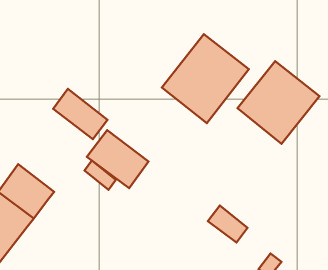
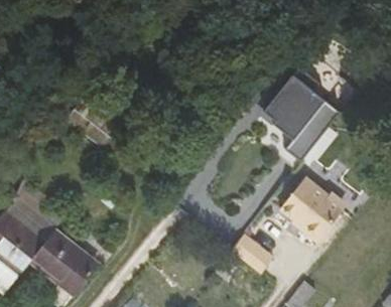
building: [162,34,249,123] -> none
building: [87,130,148,188] -> [31,225,99,289]
building: none -> [277,176,345,242]

